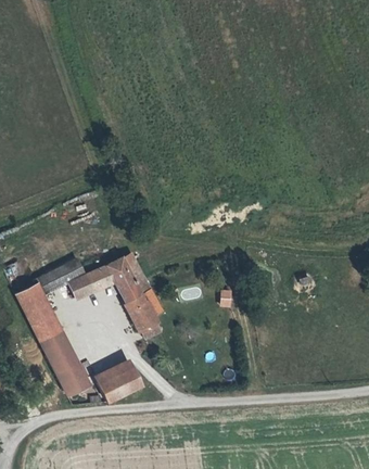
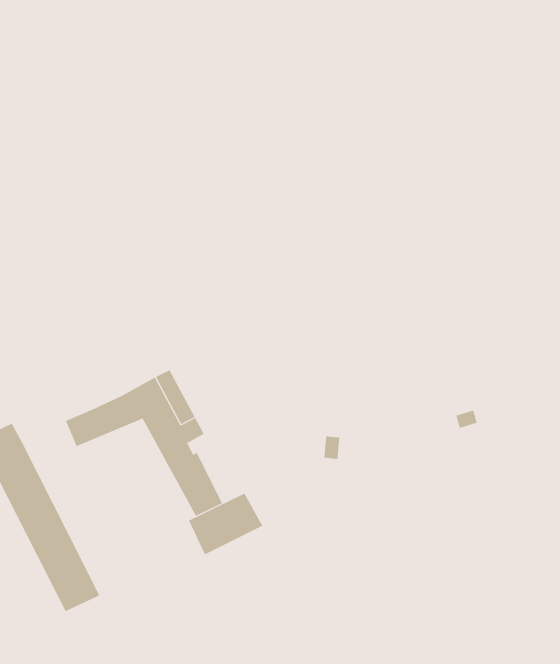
building: [35,258,86,295] -> none
building: [98,365,142,402] -> [188,493,263,555]

